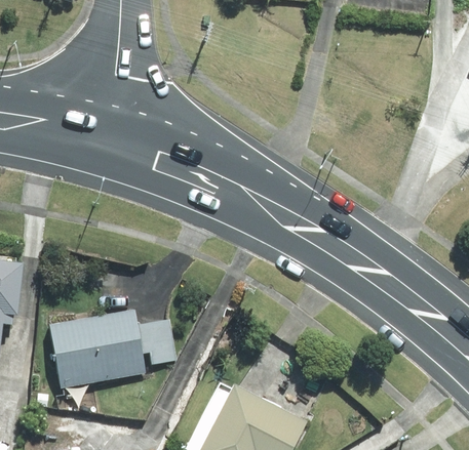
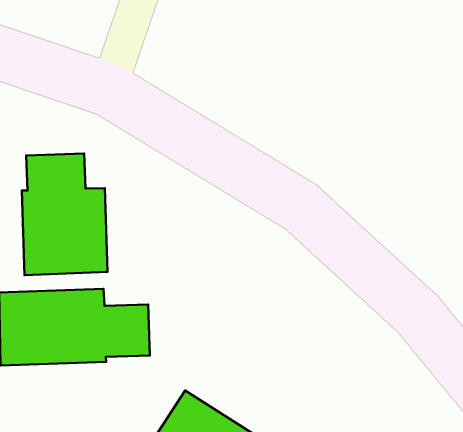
building: none -> [22,153,107,275]

